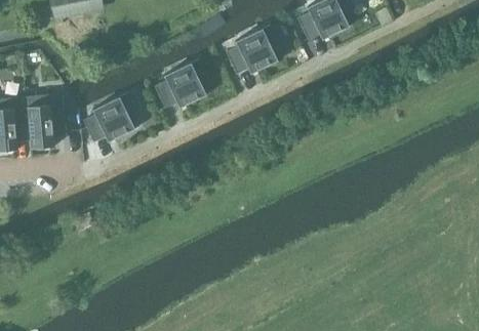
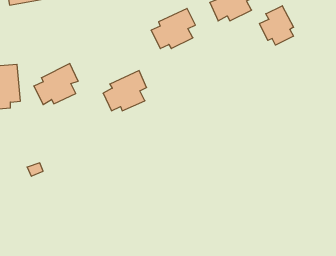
building: none -> [260,6,294,45]
building: [155,57,208,107] -> [103,71,147,111]

